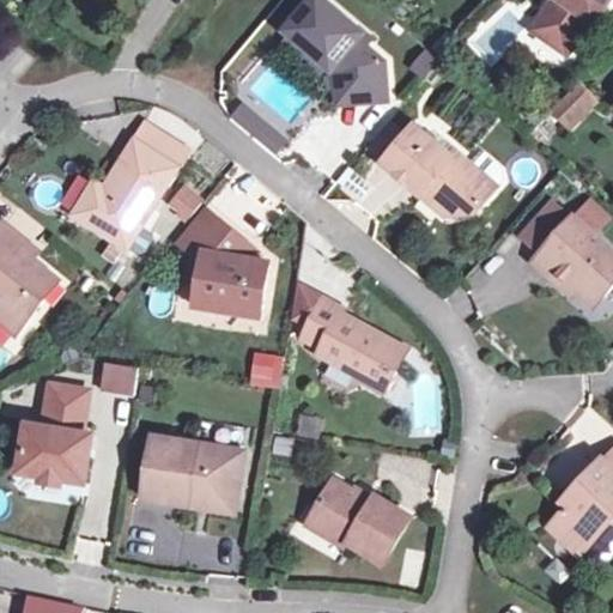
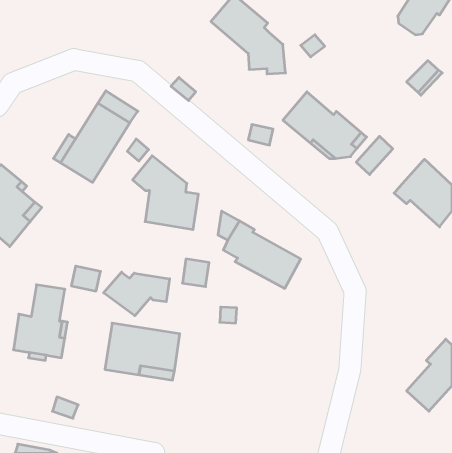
building: [520,200,569,251] -> [356,136,393,175]
building: none -> [104,272,170,316]
building: [305,478,408,562] -> none

